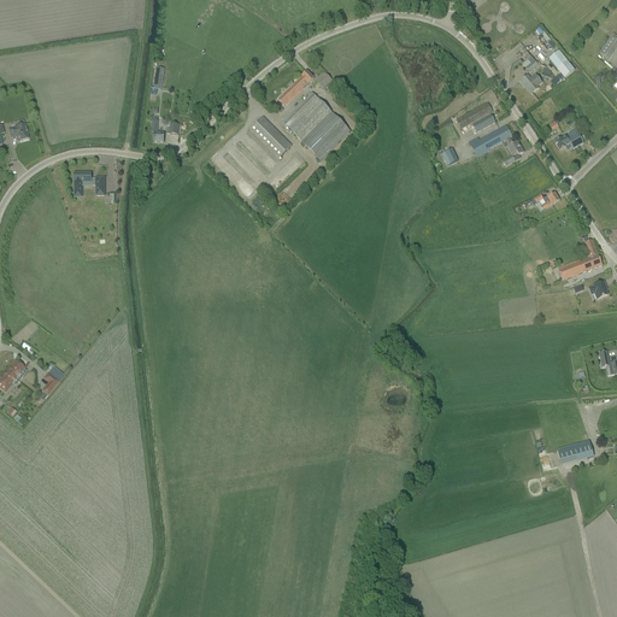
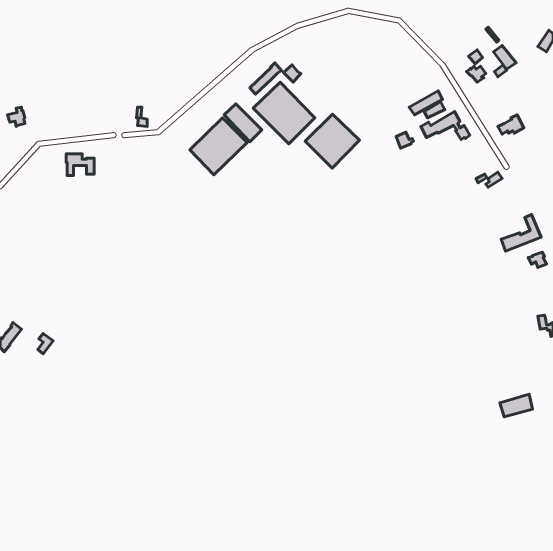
building: none -> [305,114,360,168]
building: none -> [190,118,247,175]

